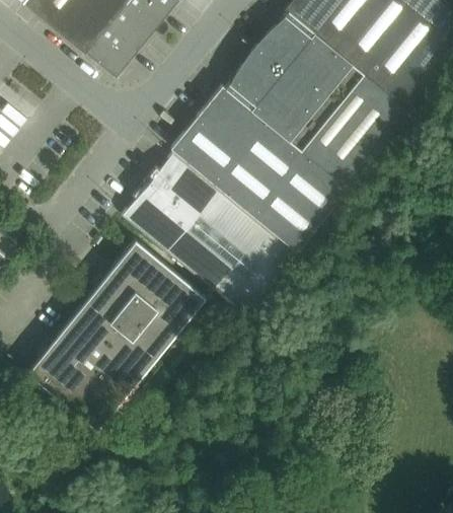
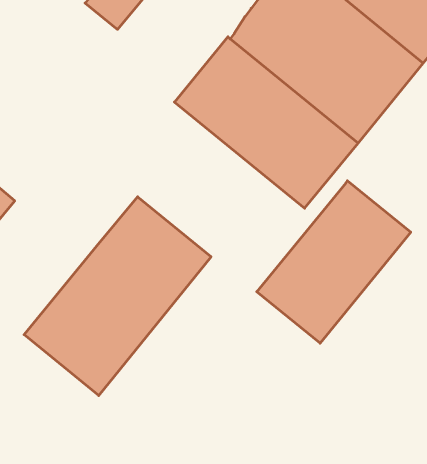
building: [123,151,296,313] -> none
building: none -> [257,181,411,343]

